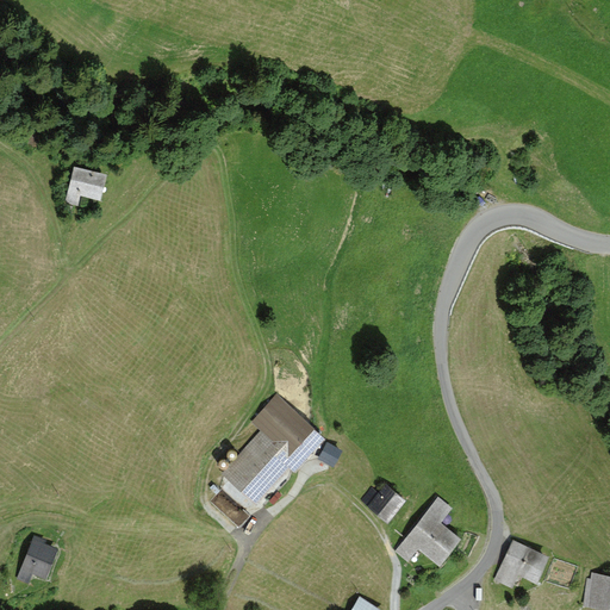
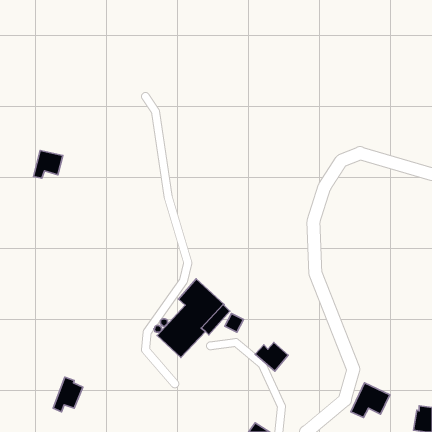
building: [66,167,107,206] -> [33,150,63,178]
building: [394,497,463,567] -> none
building: [17,535,58,584] -> [53,377,83,412]

